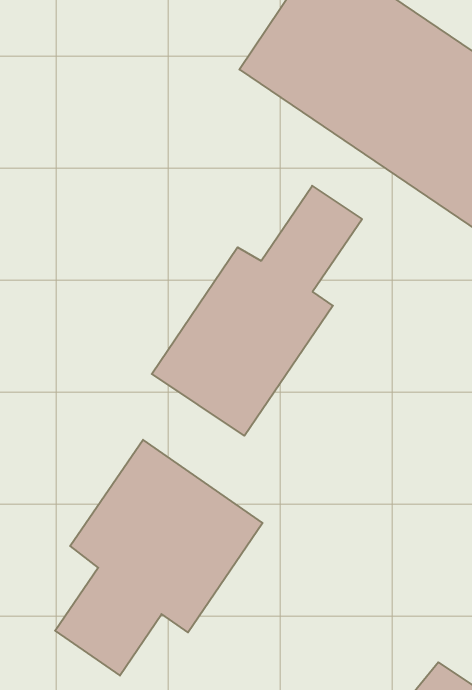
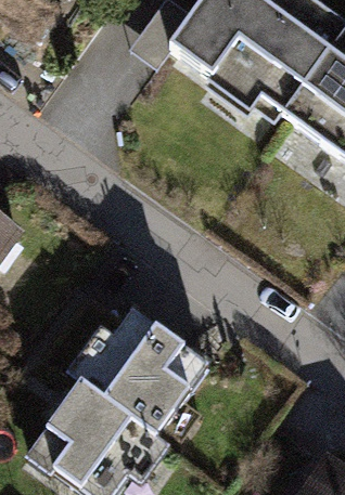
building: [152,186,362,436] -> none

